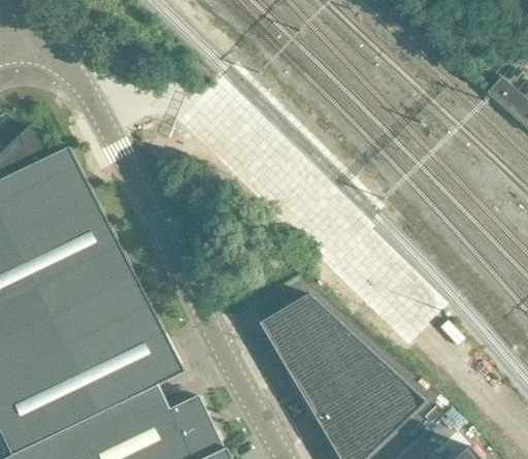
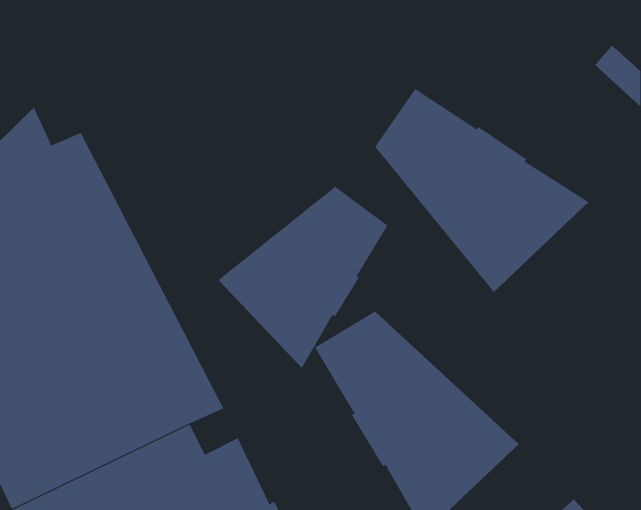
building: none -> [374,88,590,293]
building: none -> [217,186,388,369]

